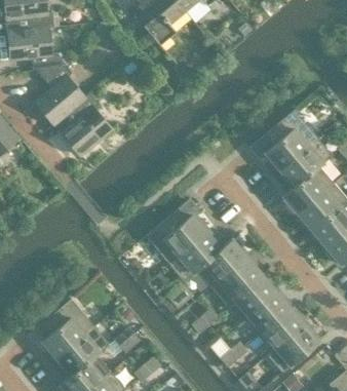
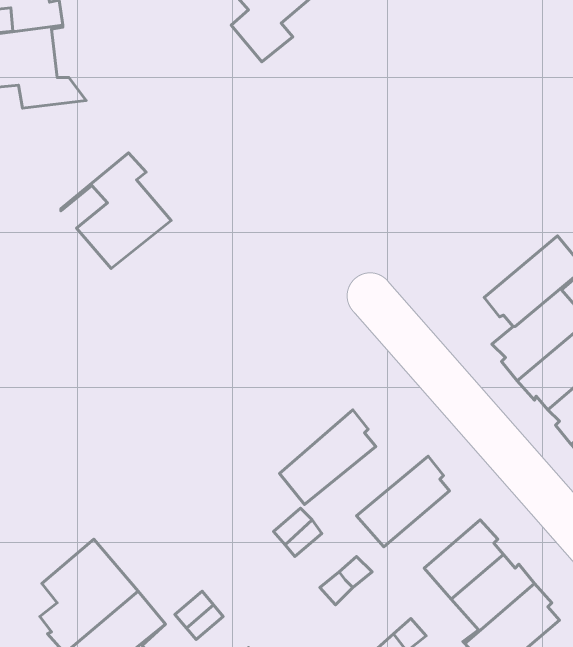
building: [33,67,89,124] -> none
building: [265,111,317,171] -> none
building: [145,212,208,265] -> none
building: [197,240,248,287] -> none
building: [225,274,276,315] -> none

